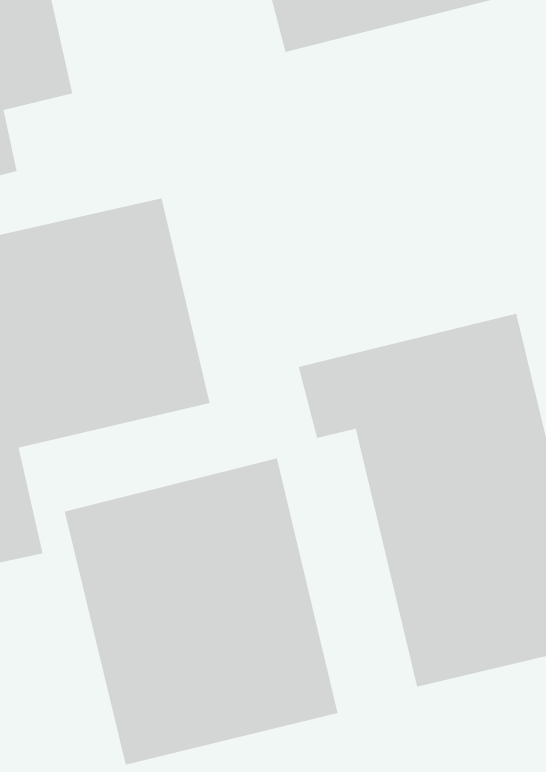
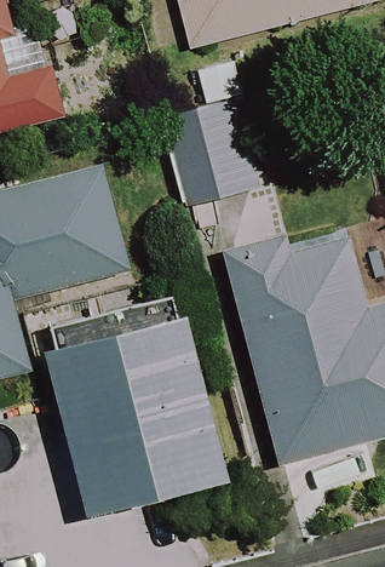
building: none -> [161,108,259,207]

